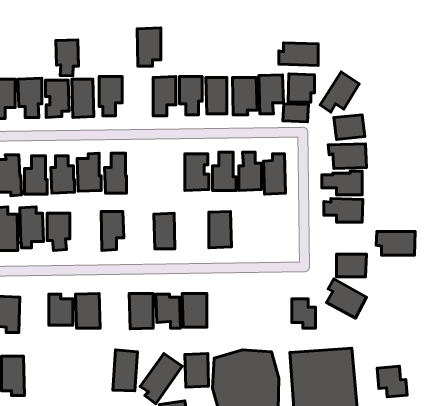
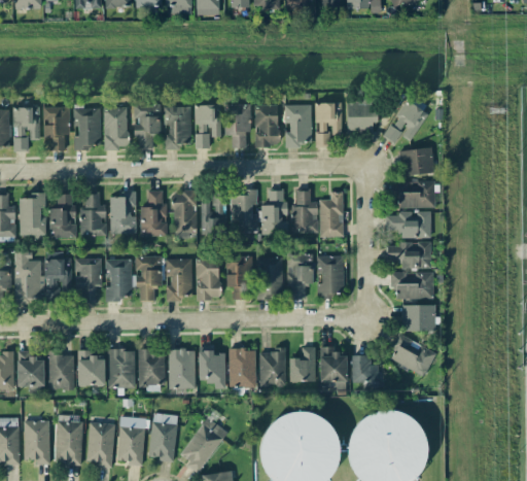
building: [137,28,161,66] -> [164,106,190,149]
building: [56,40,79,76] -> none
building: [279,43,318,65] -> none
building: [283,104,309,122] -> none
building: none -> [201,191,225,229]
building: none -> [173,192,196,232]
building: none -> [286,254,313,300]
building: none -> [225,255,249,300]
building: none -> [317,255,344,299]
building: none -> [165,259,192,302]
building: none -> [105,260,132,302]
building: [376,232,415,255] -> [389,272,433,299]
building: none -> [289,346,315,381]
building: none -> [319,346,347,382]
building: none -> [137,349,165,386]
building: none -> [47,354,74,389]
building: none -> [56,416,82,466]
building: [185,354,209,387] -> [258,349,285,387]
building: none -> [117,417,145,466]
building: none -> [87,422,113,468]
building: [377,366,407,397] -> none

